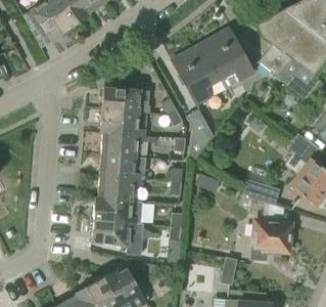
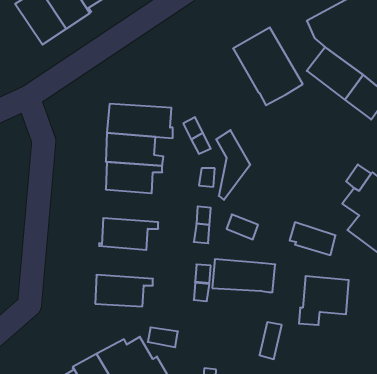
building: [171,44,220,104] -> none
building: [98,154,145,179] -> none
building: [93,198,142,223] -> [212,259,275,292]

